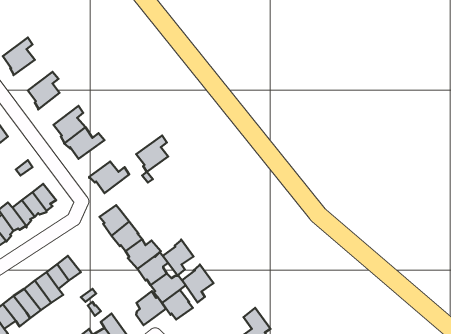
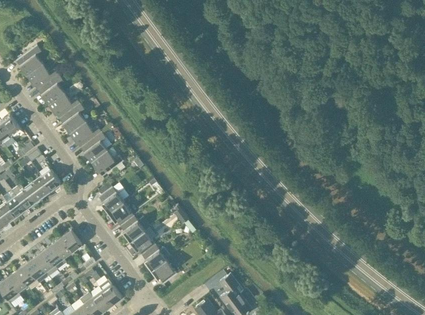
building: none -> [25,64,58,90]
building: none -> [46,92,80,119]
building: [136,135,168,172] -> [80,132,107,163]
building: [163,239,194,276] -> none
building: [182,264,213,303] -> none
building: [136,291,166,325] -> none

